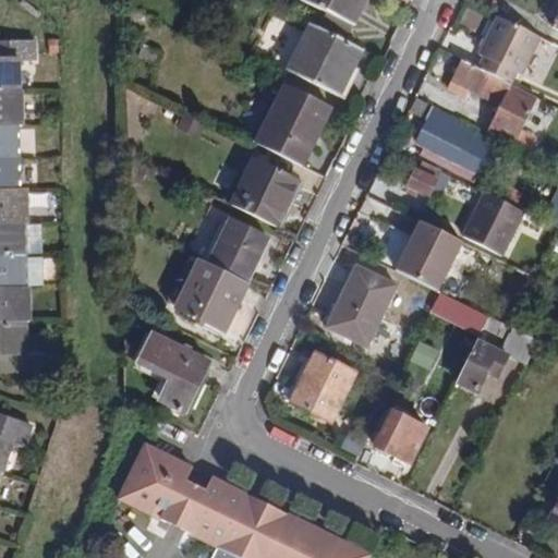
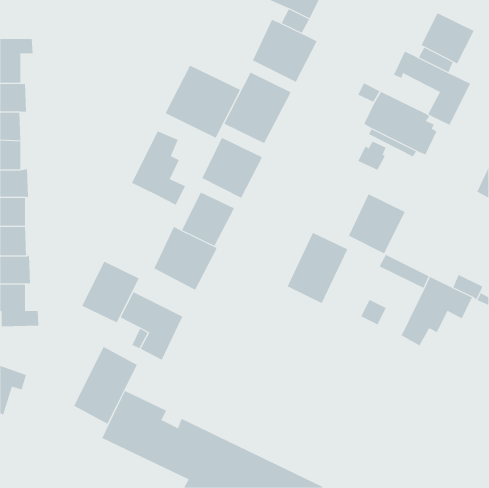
building: none -> [165,65,241,139]
building: none -> [131,130,186,205]
building: [462,191,523,254] -> none
building: none -> [81,261,139,323]
building: [290,351,355,422] -> none
building: none -> [73,346,138,425]
building: [374,409,427,462] -> none

